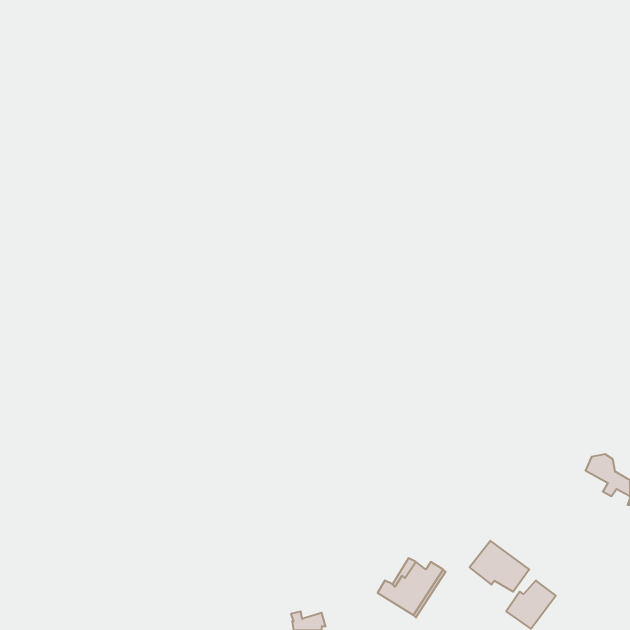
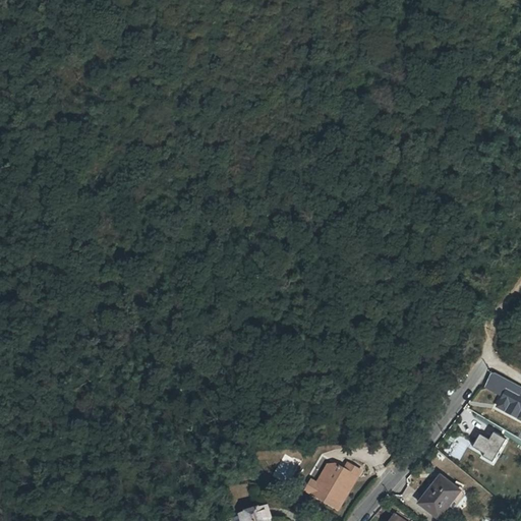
building: none -> [467,429,506,462]
building: [470,541,529,592] -> none

